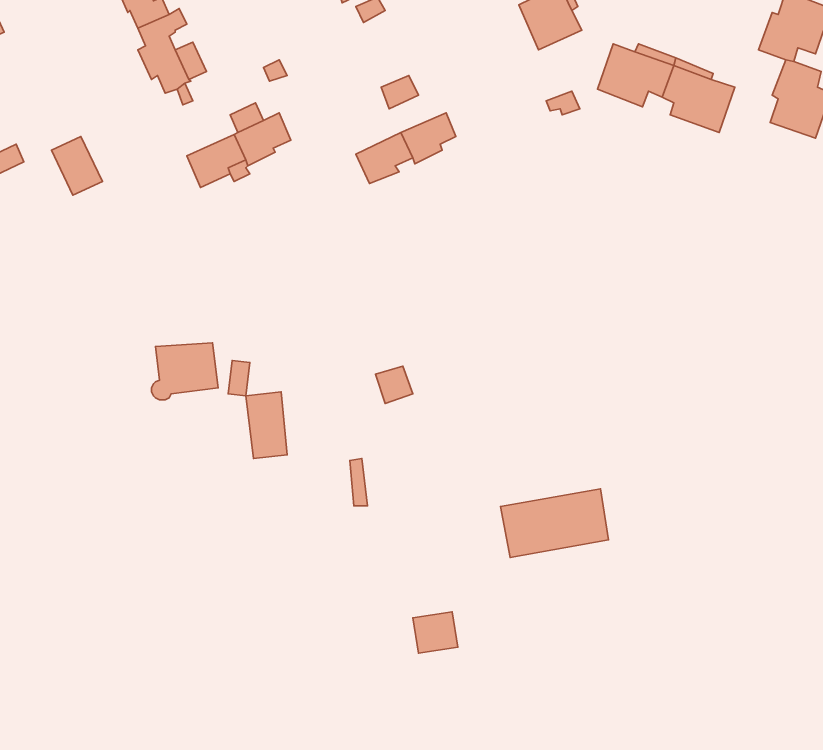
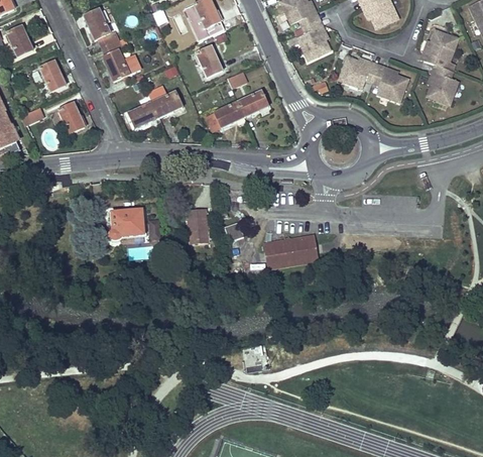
building: none -> [195,45,221,77]
building: none -> [39,61,65,92]
building: [246,392,287,459] -> [186,208,207,242]
building: [500,489,608,557] -> [262,233,318,268]

